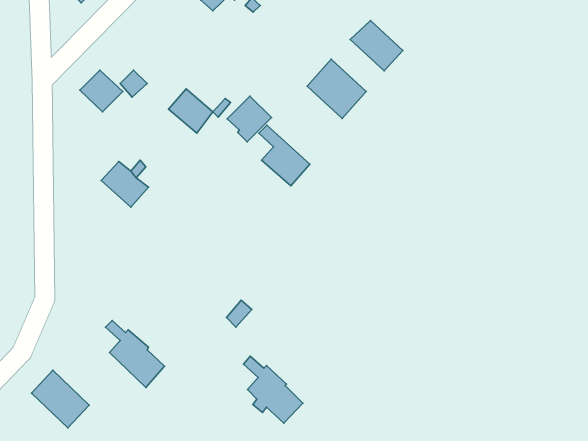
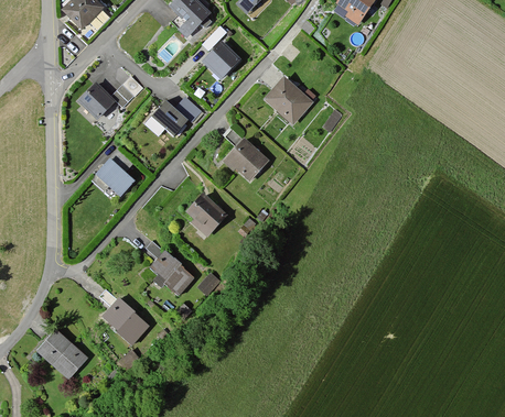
building: [350,21,403,71] -> none
building: [227,96,272,142] -> [204,42,240,79]
building: none -> [187,195,226,233]
building: [244,356,303,423] -> [146,241,194,296]

